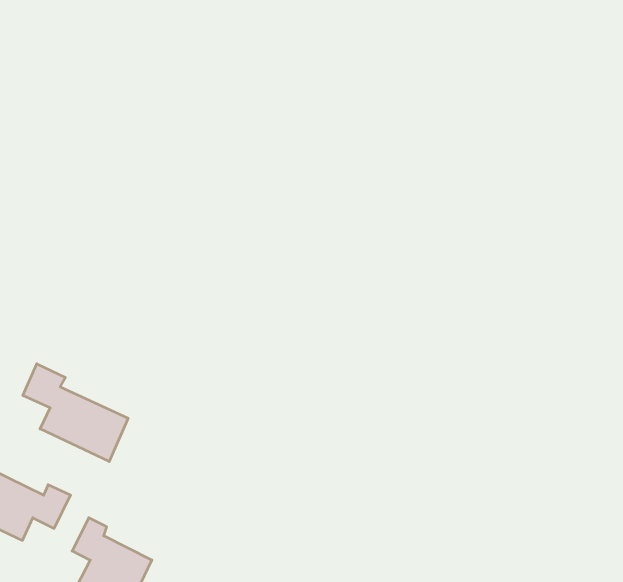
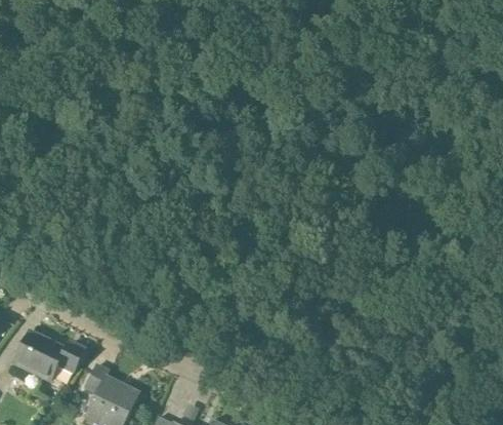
building: [23,364,128,462] -> none

